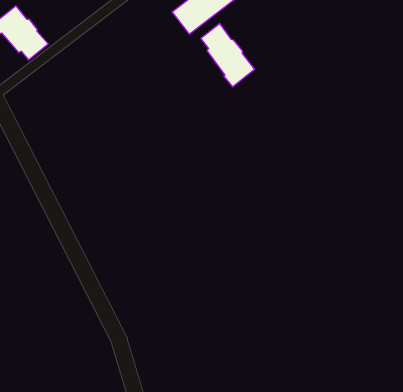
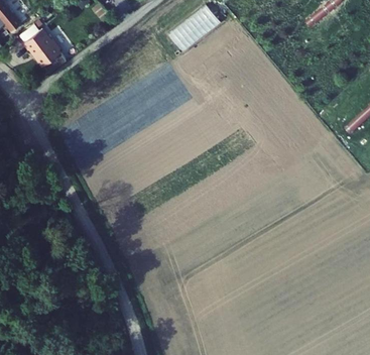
building: [201,23,254,87] -> none

